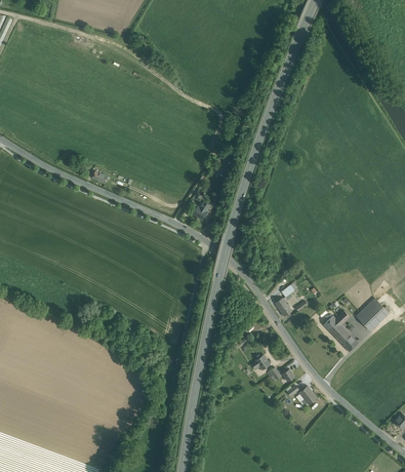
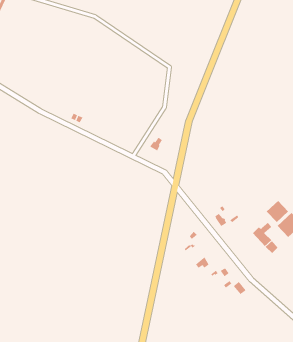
building: none -> [266,200,289,223]

